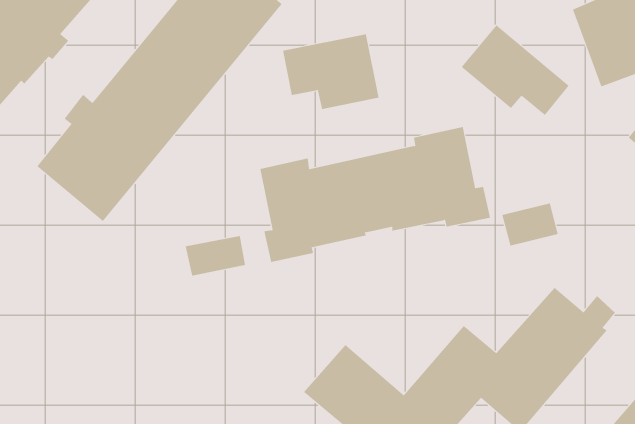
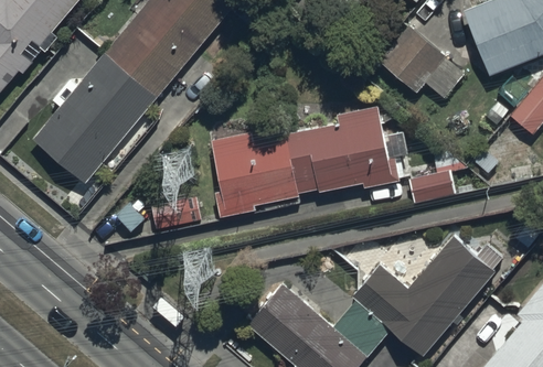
building: [282,33,379,110] -> none

